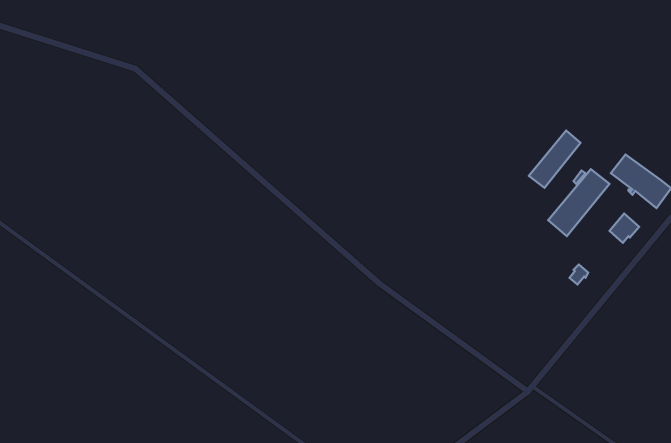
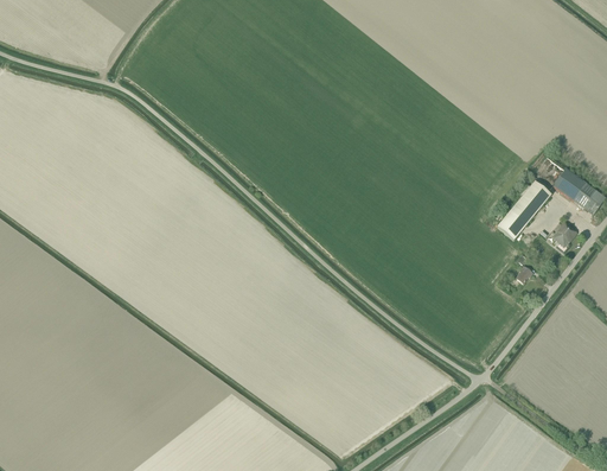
building: [529,131,580,188] -> none

